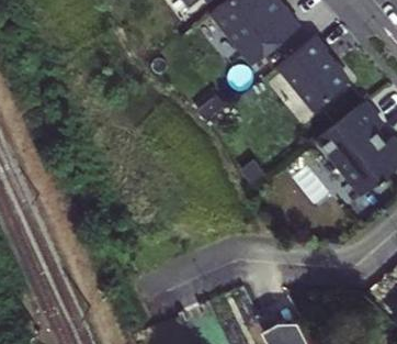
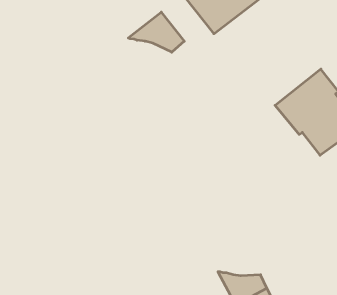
building: [279,37,350,111] -> none
building: none -> [128,12,184,52]

